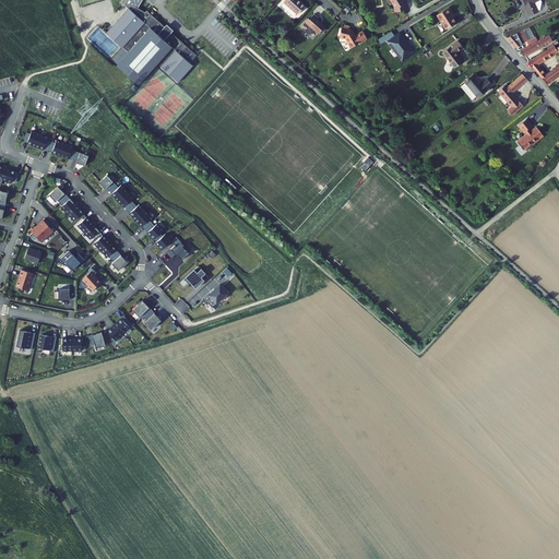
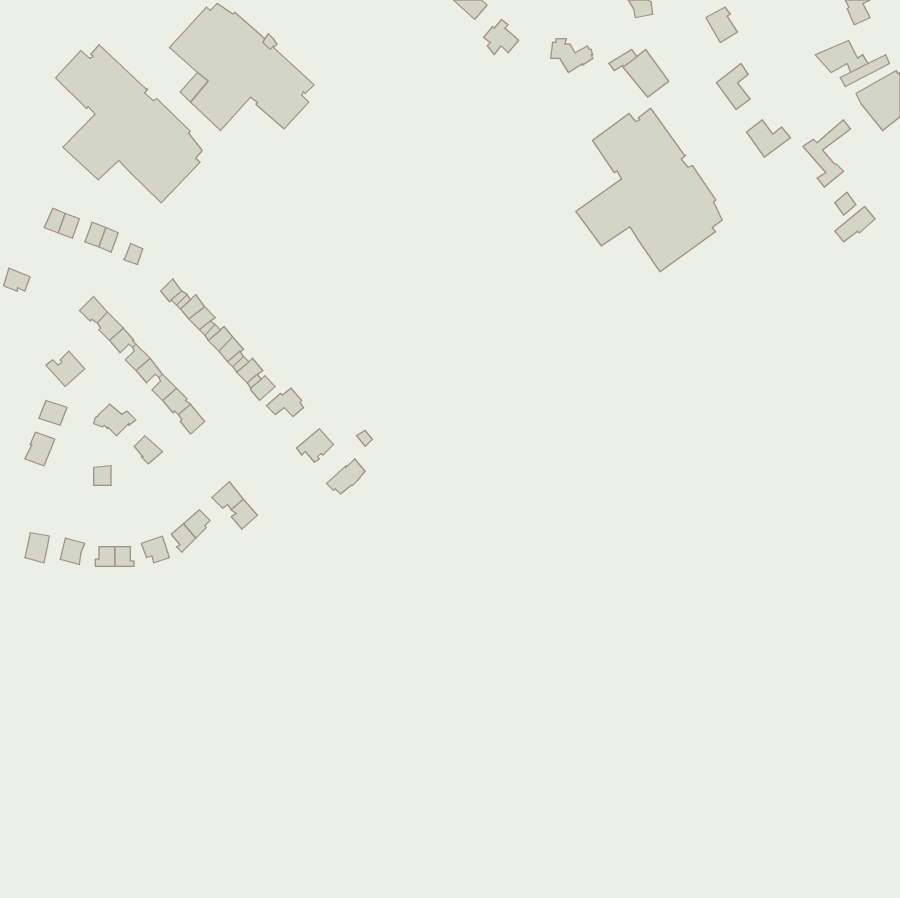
building: none -> [56,45,202,203]
building: none -> [576,108,722,272]

